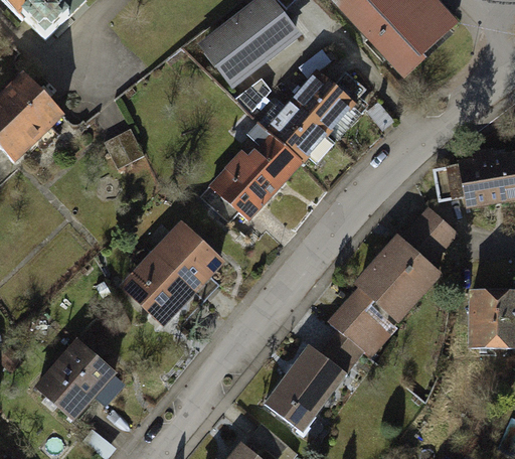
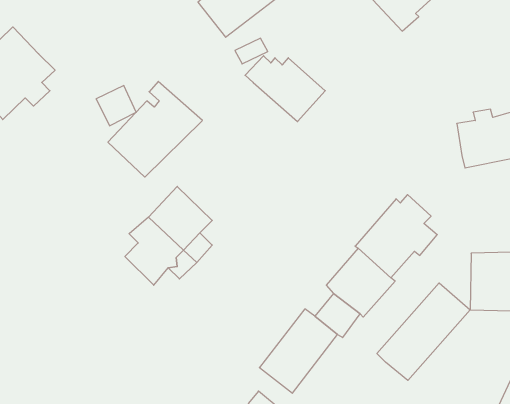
building: [293,70,366,132] -> none
building: [209,124,302,217] -> [108,81,202,177]
building: [433,164,463,199] -> none
building: [409,210,453,255] -> none
building: none -> [377,283,470,380]
building: [35,341,112,416] -> none

